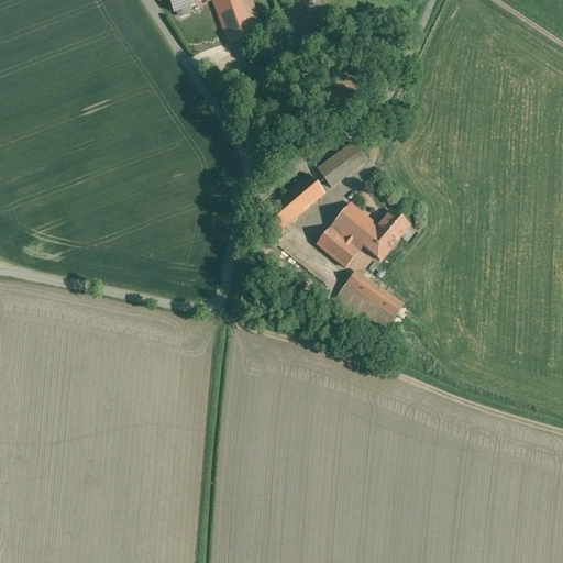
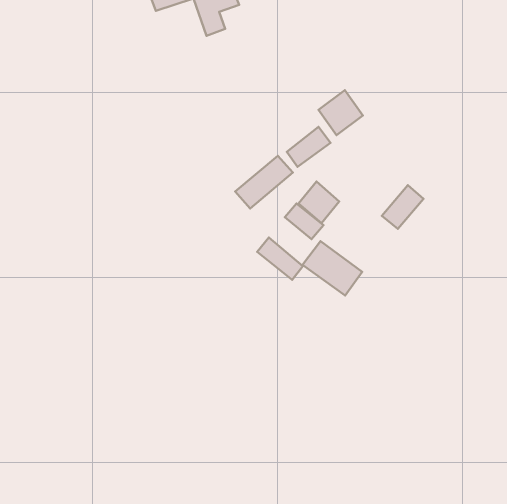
building: none -> [319,90,363,135]
building: [363,209,409,257] -> [382,185,424,229]
building: none -> [257,238,303,280]

